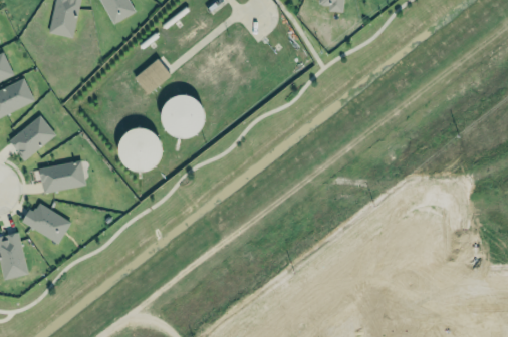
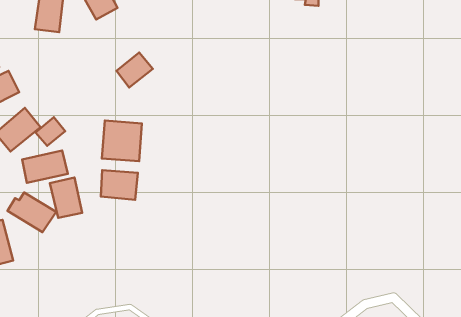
building: [162,96,201,136] -> none
building: none -> [35,117,65,146]
building: none -> [101,170,138,200]
building: none -> [50,177,82,218]

